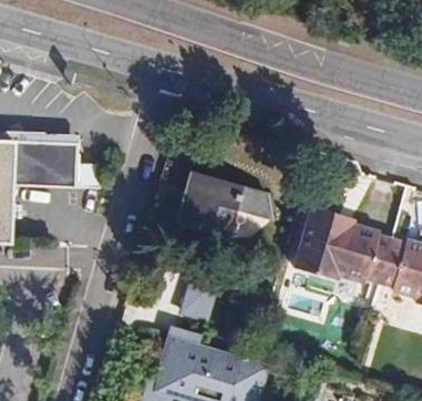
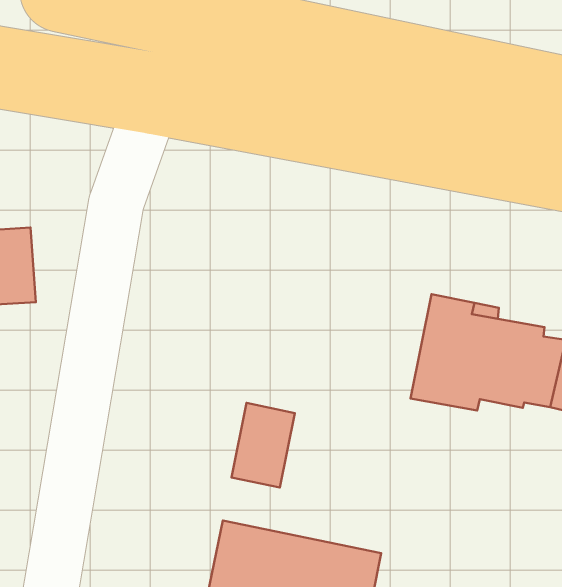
building: [172,174,264,240] -> none

